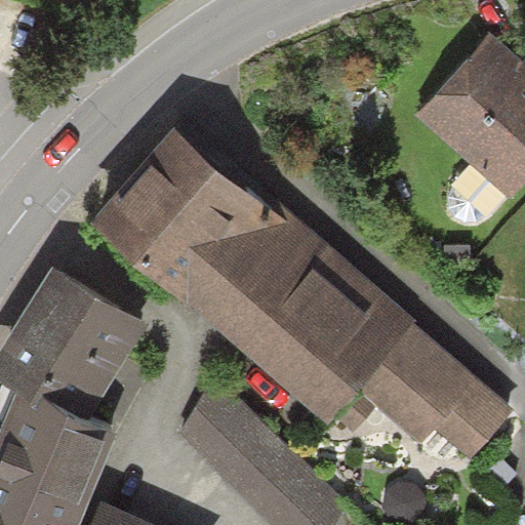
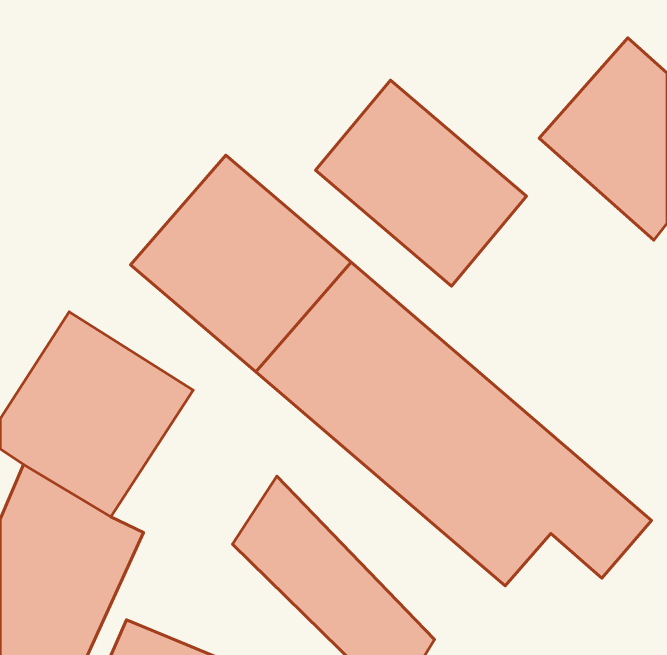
building: none -> [315,80,527,286]

